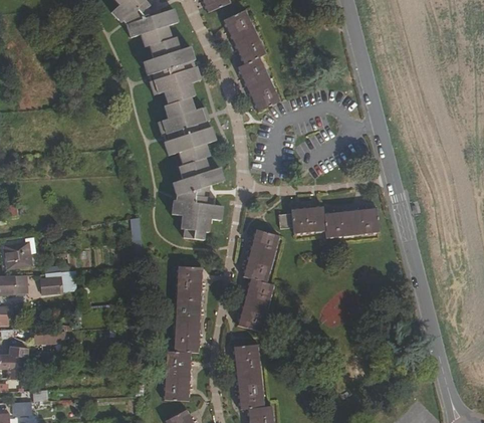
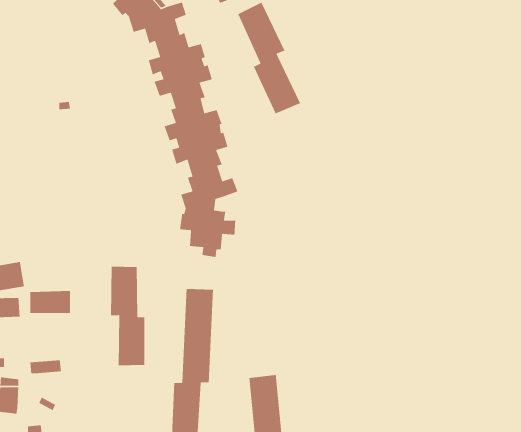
building: [278,207,379,239] -> none
building: [237,231,279,332] -> none
building: none -> [110,266,145,366]

